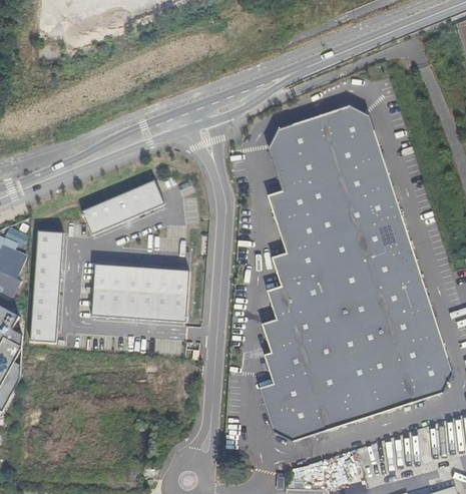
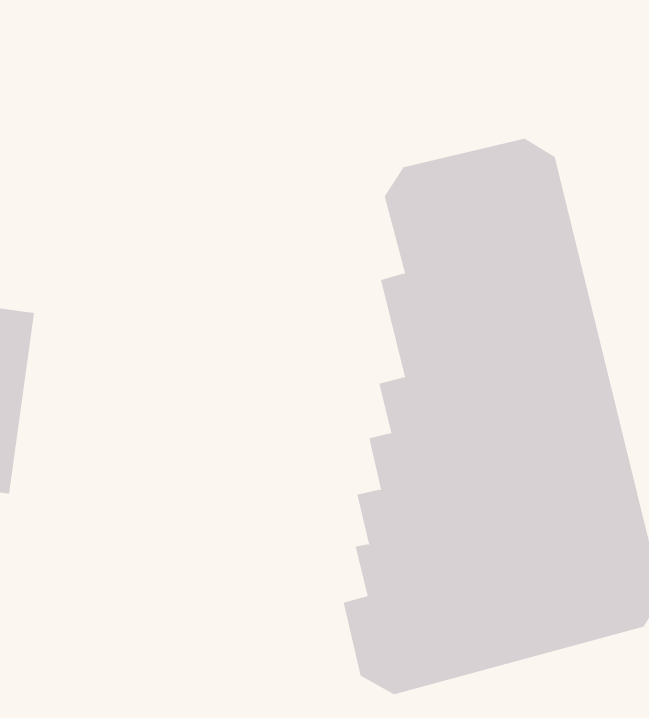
building: [84,177,167,230] -> none
building: [92,260,190,319] -> none

